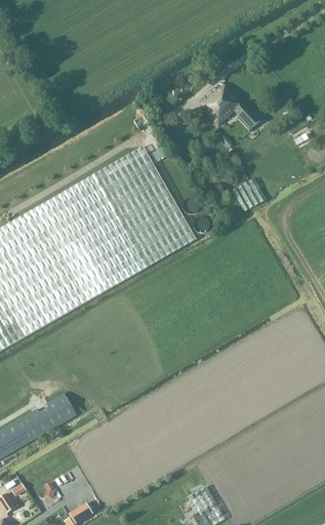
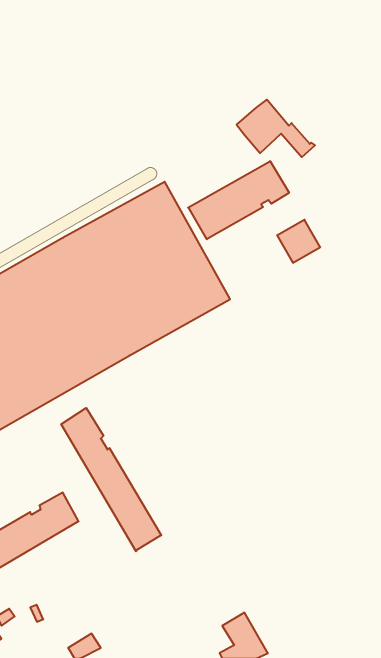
building: none -> [188,161,289,239]
building: none -> [61,408,161,551]

